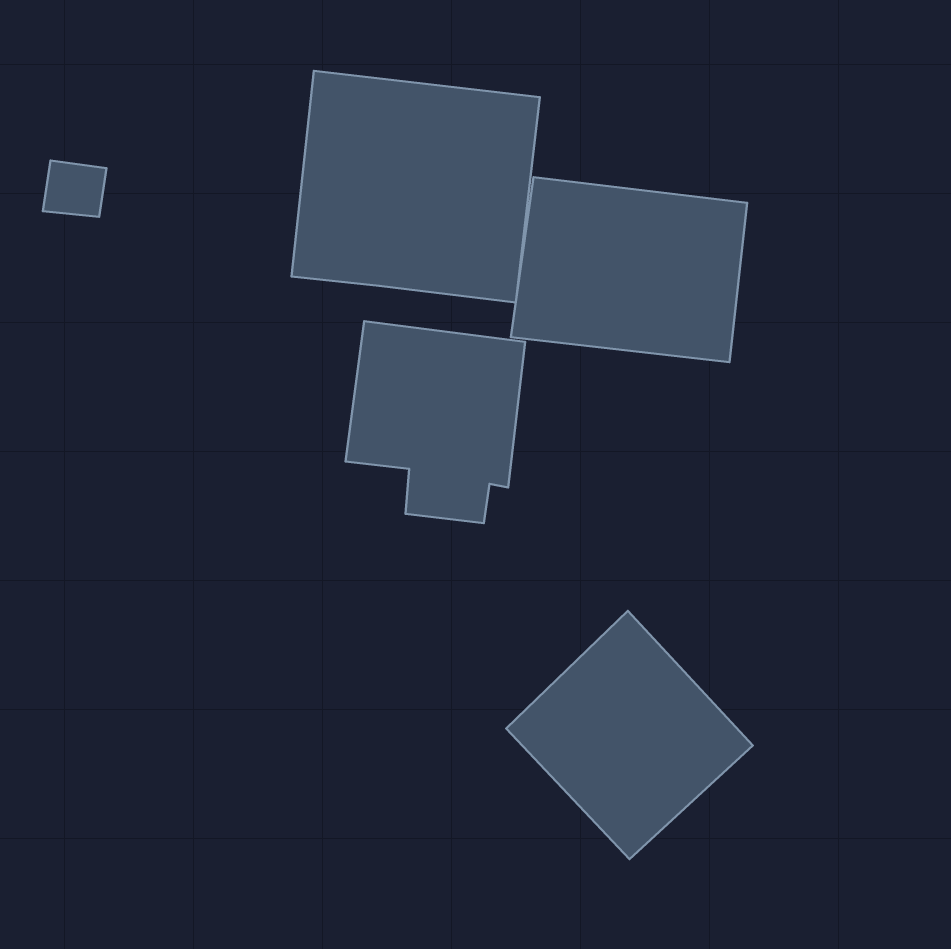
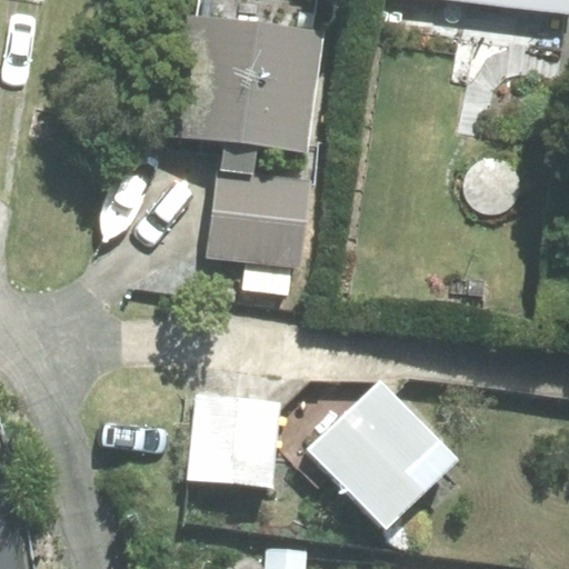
building: [511,177,747,362] -> none
building: none -> [183,397,273,485]

